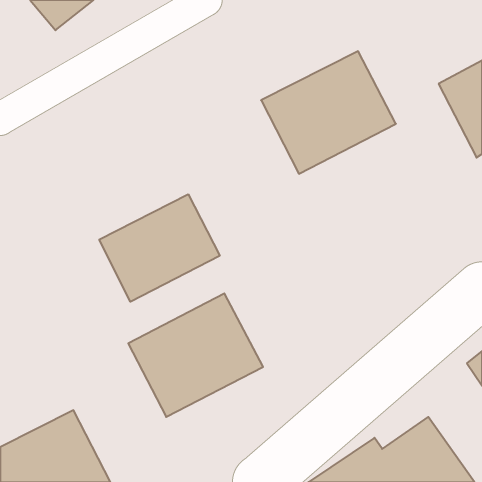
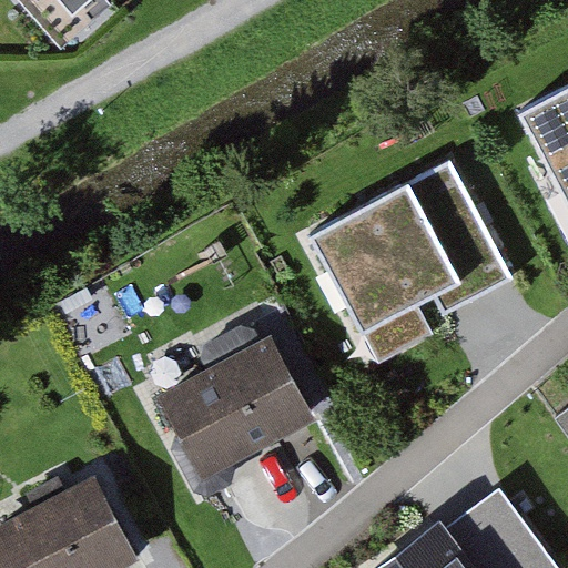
building: [261,51,396,174] -> [336,183,495,327]
building: [99,194,220,302] -> none

